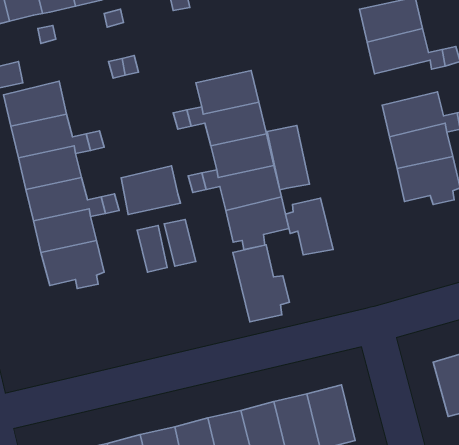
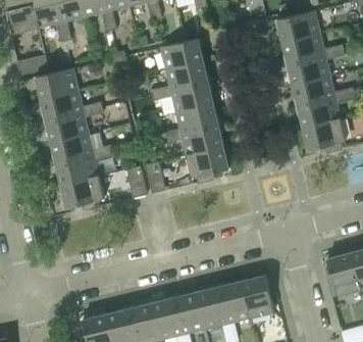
building: none -> [160,39,203,69]
building: none -> [287,54,329,85]
building: [267,126,310,190] -> none
building: [121,166,180,215] -> none
building: [286,198,333,255] -> none
building: [233,245,289,322] -> none

